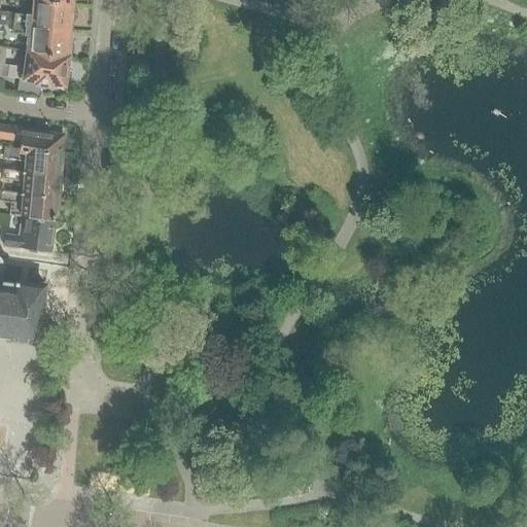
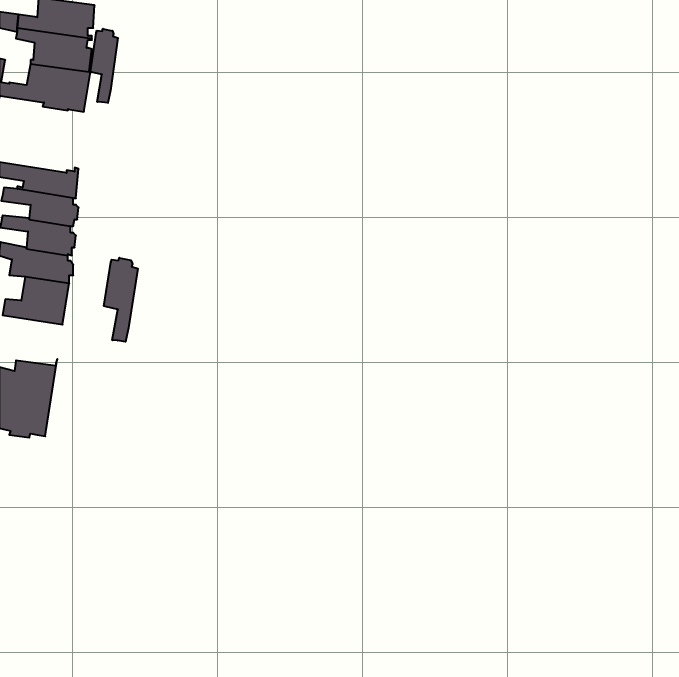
building: none -> [91,29,118,103]
building: none -> [104,258,138,342]

